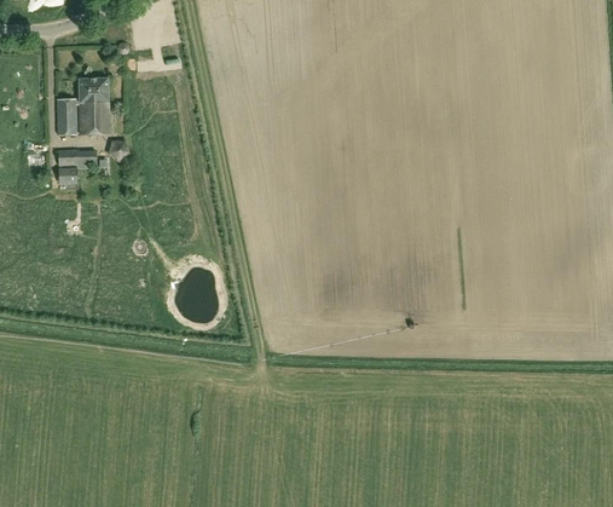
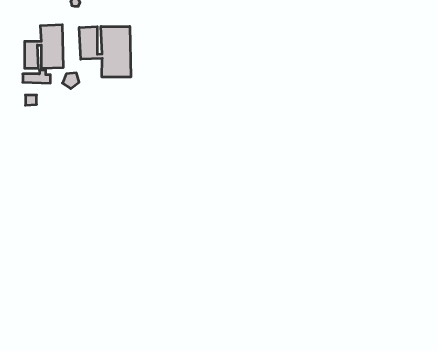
building: none -> [79,26,131,77]

